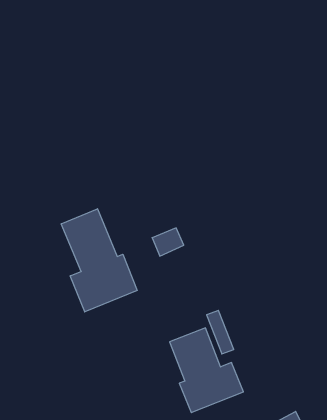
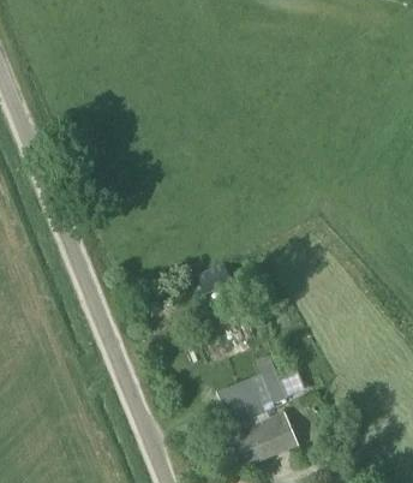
building: [61,209,137,312] -> none

